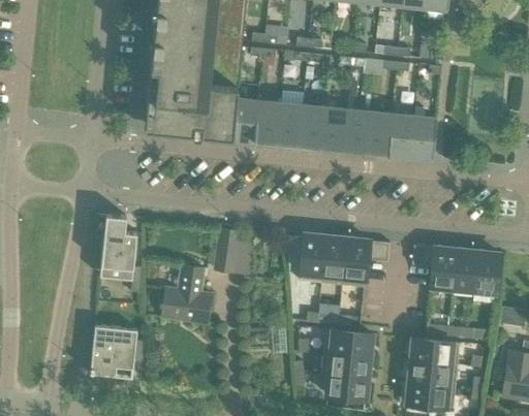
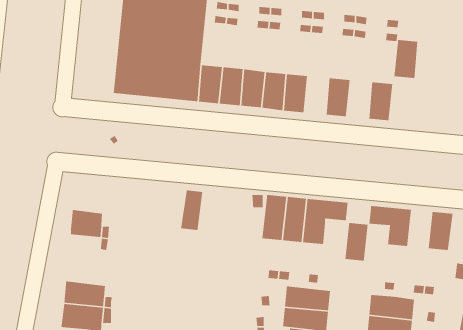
building: [344,110,370,152] -> none
building: [388,115,414,156] -> [393,39,418,79]
building: [102,215,136,254] -> none
building: [453,250,477,291] -> [345,222,368,262]
building: [162,265,212,323] -> none

